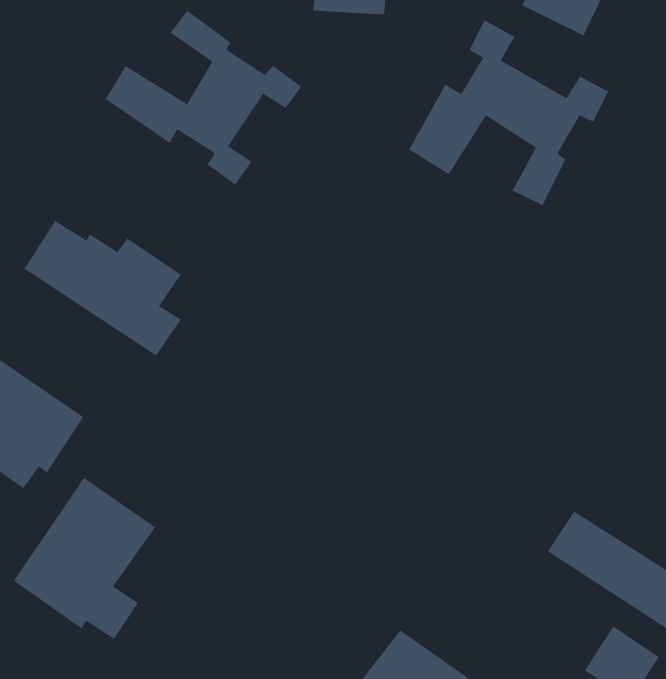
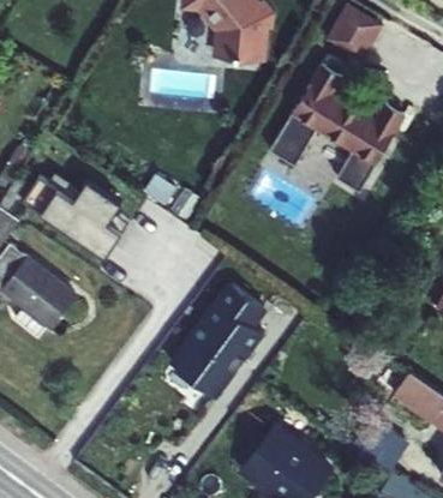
building: [105,10,302,186] -> none
building: none -> [181,276,273,389]
building: [13,477,156,640] -> none

